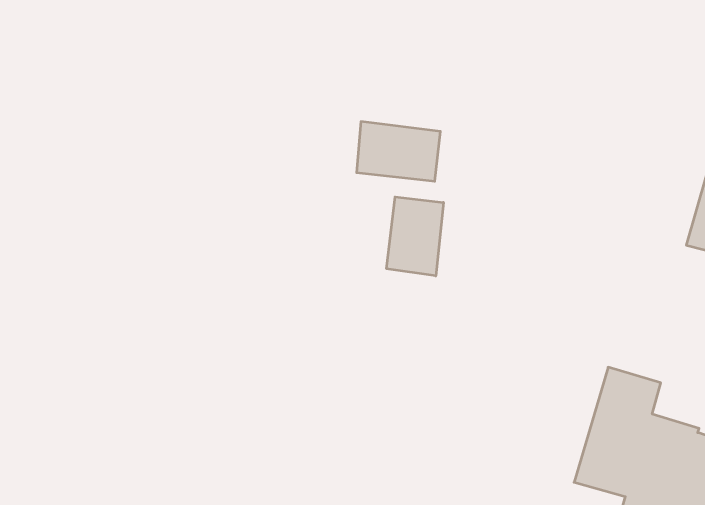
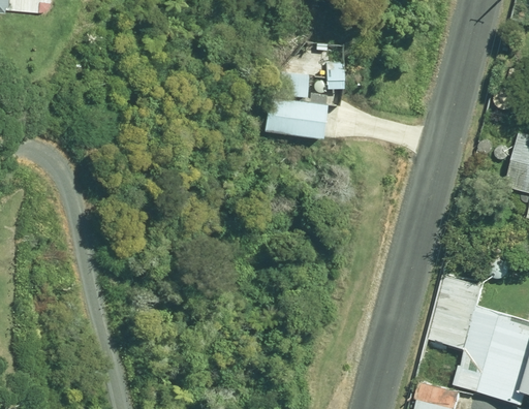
building: [387,197,443,276] -> none

